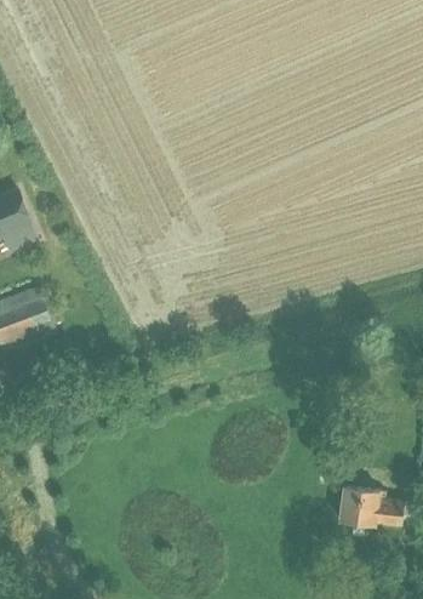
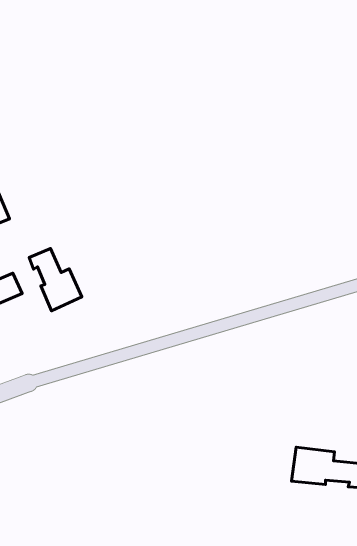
building: none -> [29,248,82,311]

